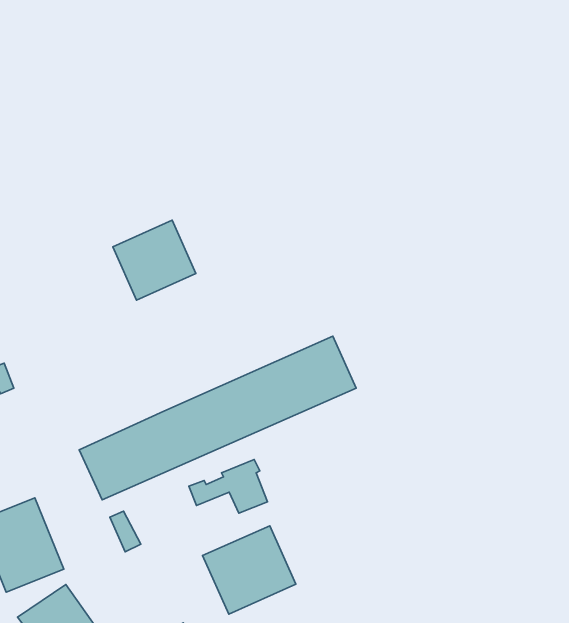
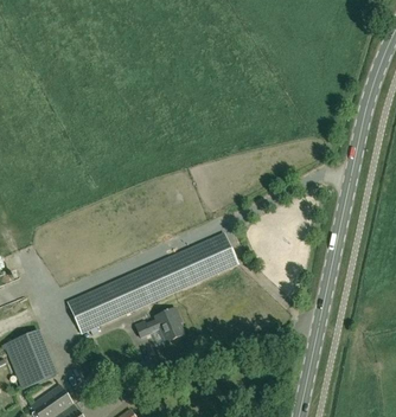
building: [113,220,196,300] -> none
building: [202,526,296,614] -> none

